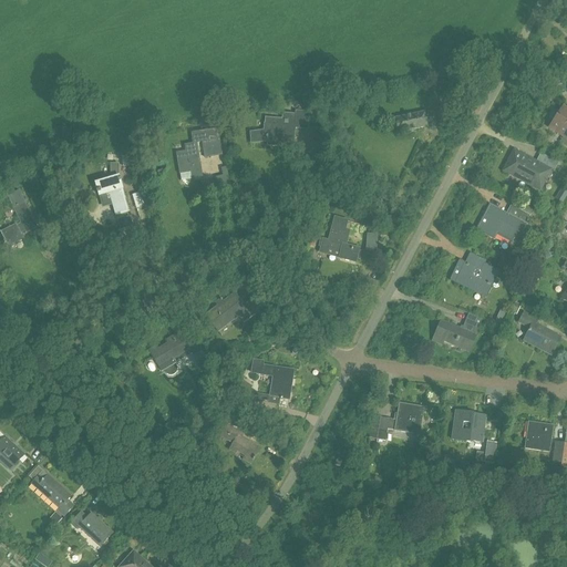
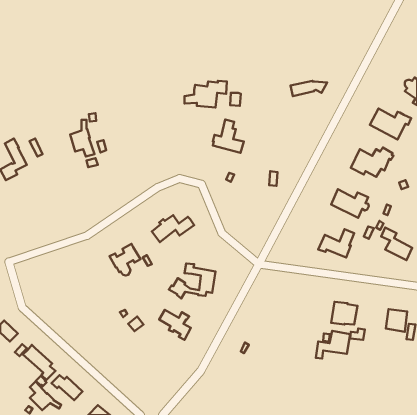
building: [176,127,223,176] -> none
building: [318,216,360,261] -> [213,119,244,153]
building: [377,401,423,439] -> [316,331,350,359]
building: none -> [30,381,61,410]

